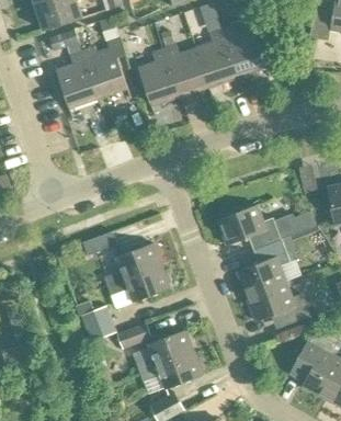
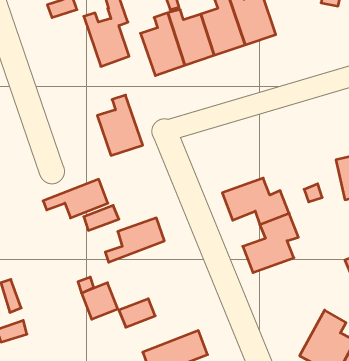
building: [55,49,99,107] -> [97,95,143,155]
building: [106,265,169,303] -> [43,179,108,218]
building: [246,282,309,326] -> none
building: [136,330,193,373] -> none

